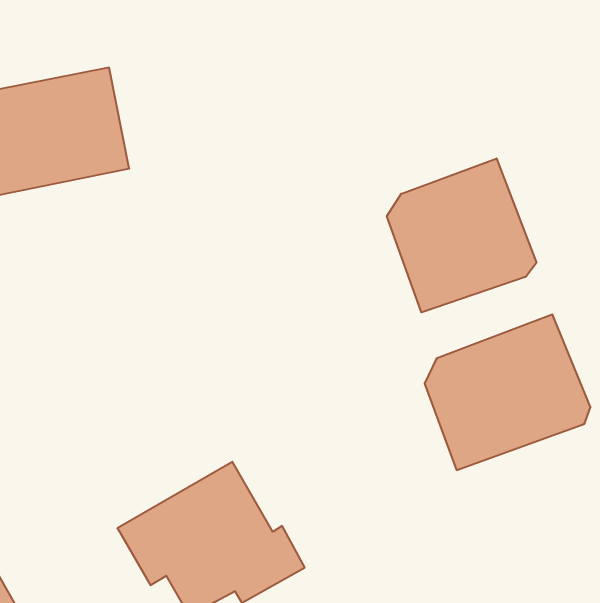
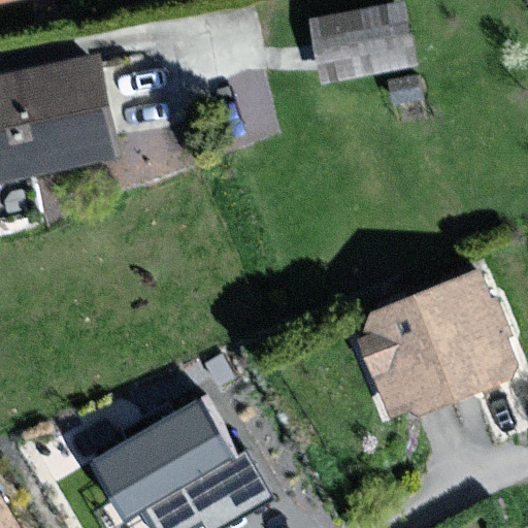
building: none -> [318,8,410,76]
building: [387,158,536,312] -> none

